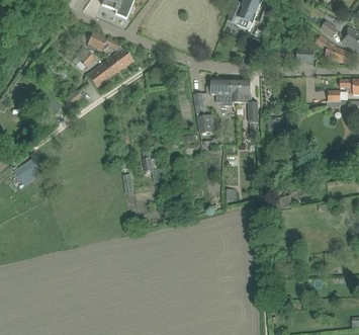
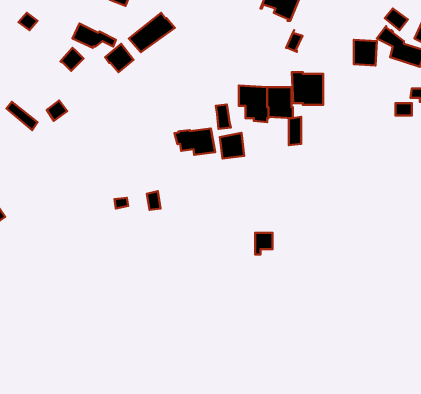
building: [87,56,121,85] -> [129,13,175,52]
building: none -> [292,72,323,105]
building: none -> [175,129,215,155]

